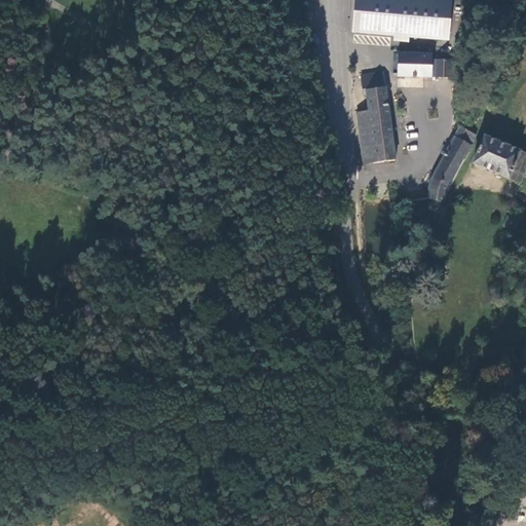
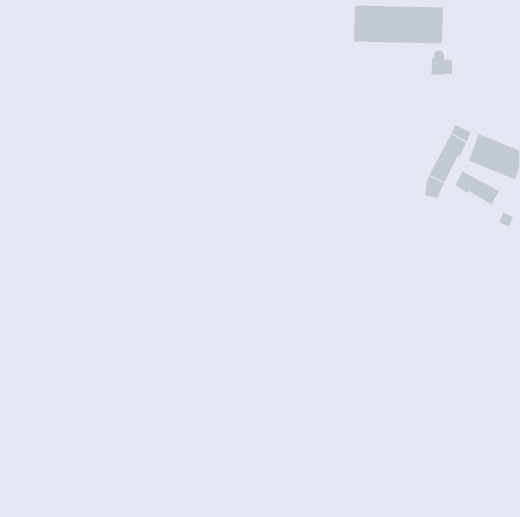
building: [398,51,430,75] -> none
building: [356,71,396,162] -> none
building: none -> [454,171,500,205]

